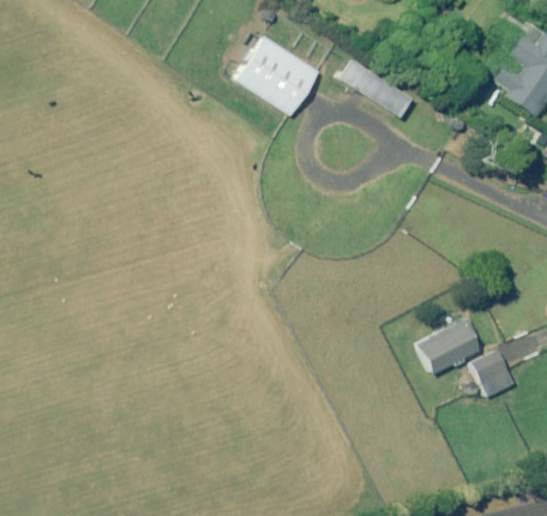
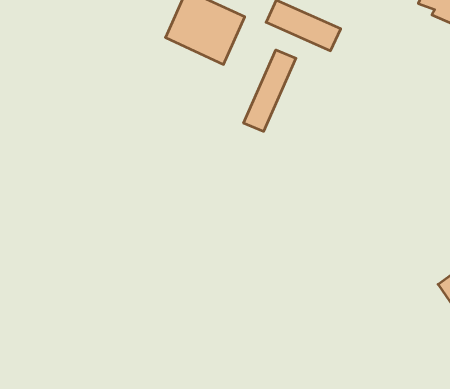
building: none -> [244,50,296,131]
building: [419,320,480,373] -> none

